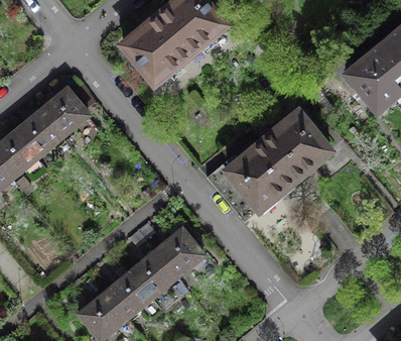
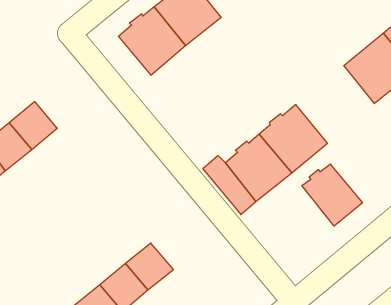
building: [40,89,89,136] -> none
building: none -> [302,164,362,226]
building: [155,228,204,276] -> none

